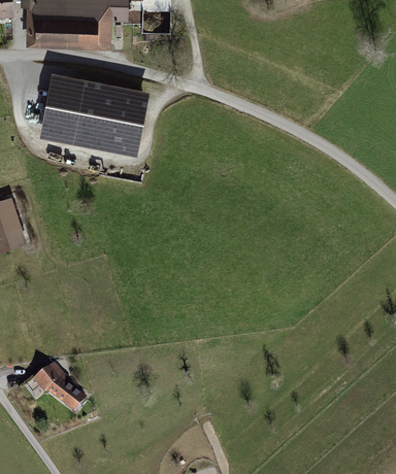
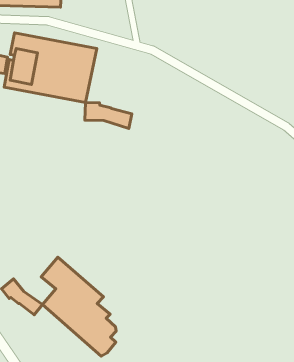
building: none -> [85,103,132,129]
building: none -> [41,257,116,356]

